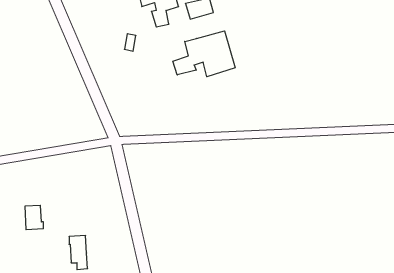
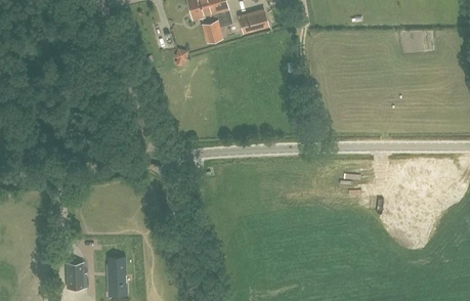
building: [173,31,235,77] -> none
building: [25,205,43,230] -> [65,261,84,287]

